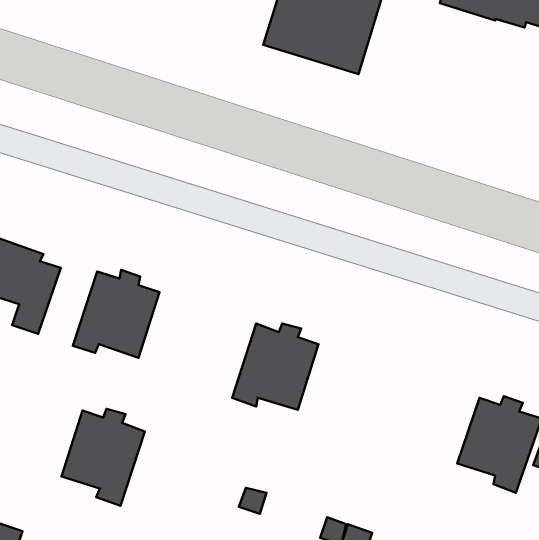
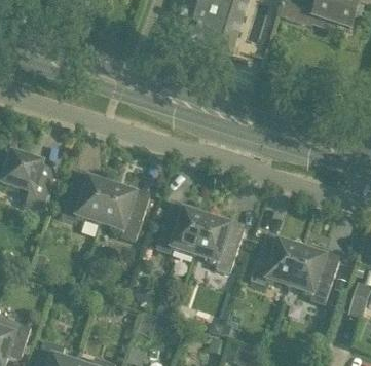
building: none -> [194,215,245,272]
building: none -> [250,234,302,287]
building: [62,409,145,506] -> [100,184,149,242]

